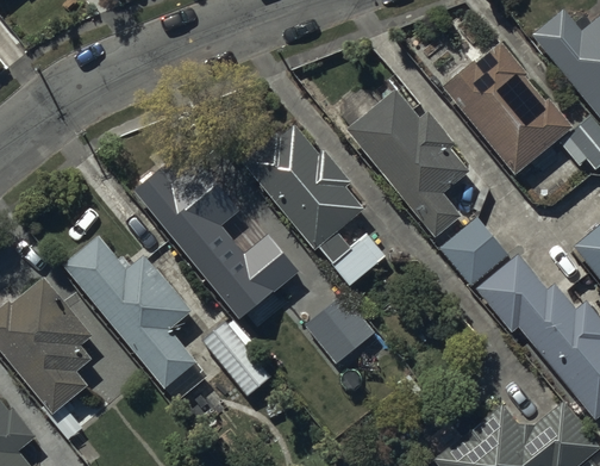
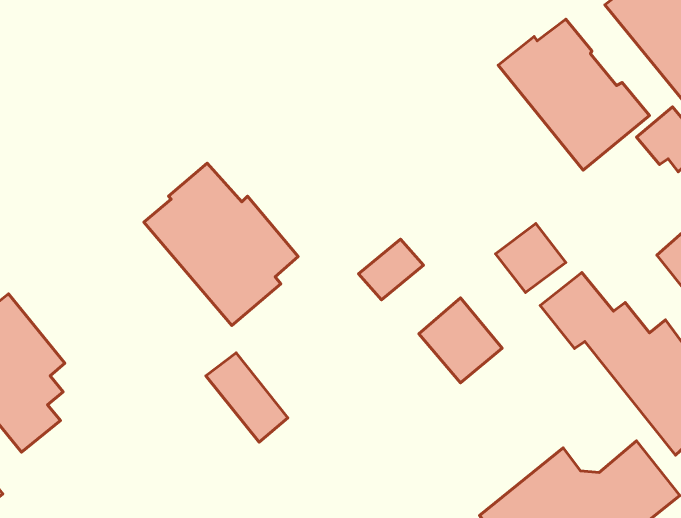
building: [348,93,468,241] -> none
building: [245,129,364,251] -> none
building: [65,241,196,392] -> none
building: [305,299,374,369] -> [419,298,502,383]

